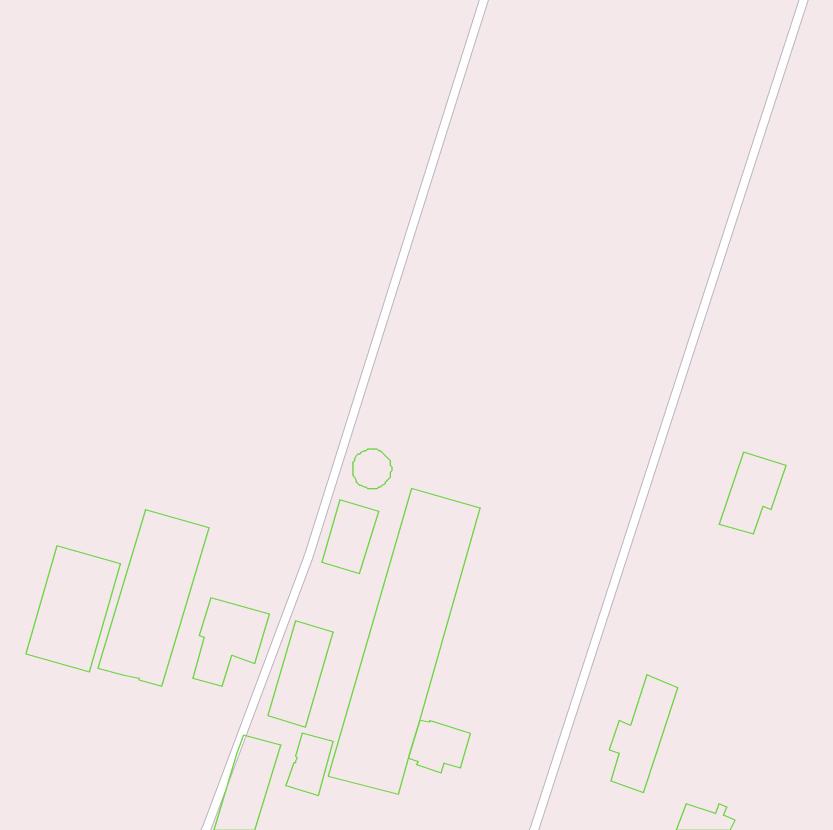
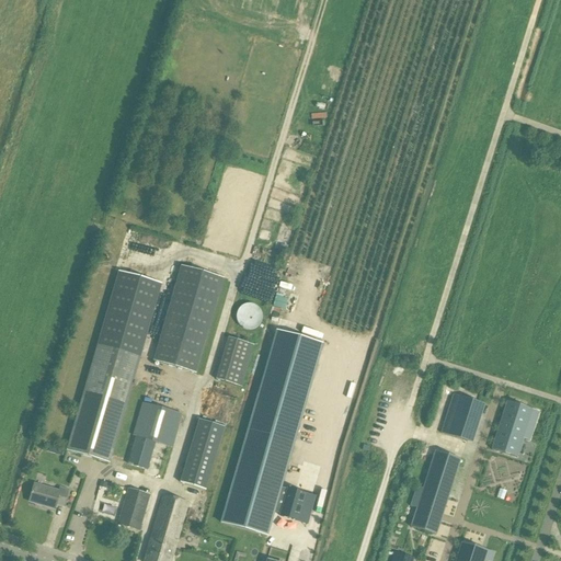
building: none -> [153,263,225,371]
building: [719,452,786,534] -> [494,400,539,455]
building: [26,546,121,672] -> [99,270,162,354]
building: none -> [443,394,483,440]
building: none -> [30,482,69,506]
building: [286,733,333,795] -> [118,486,150,528]

